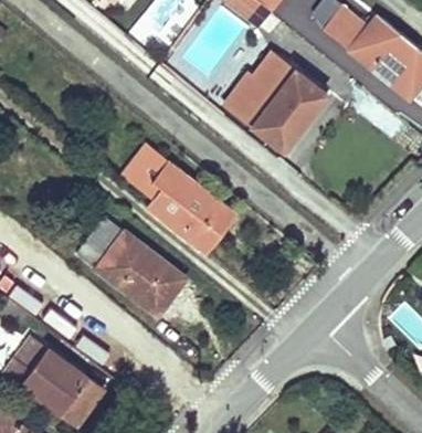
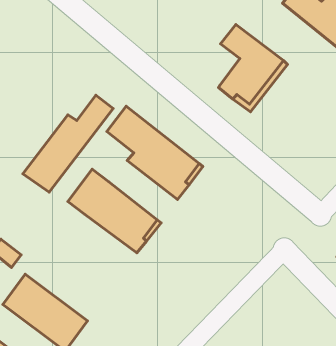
building: [229,75,274,123] -> none
building: none -> [23,95,113,192]

